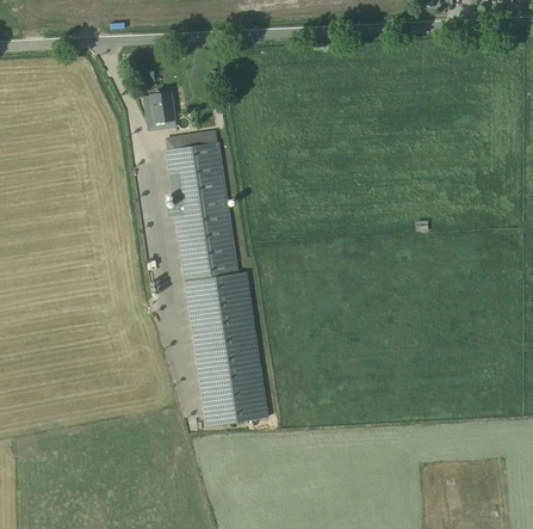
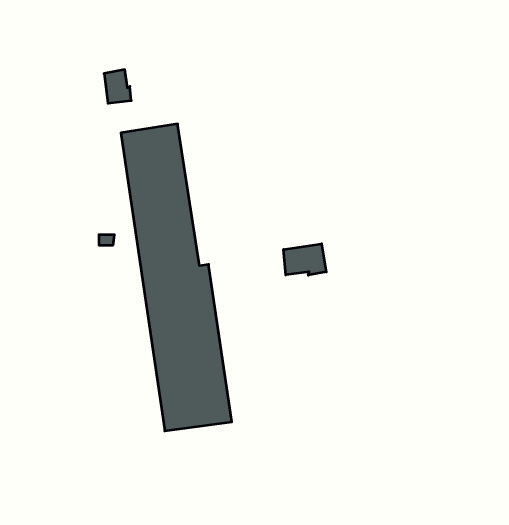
building: none -> [284,244,326,275]

